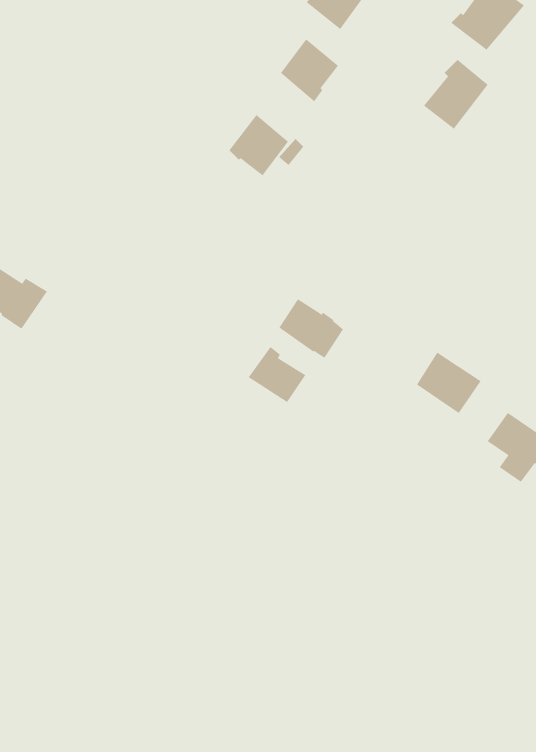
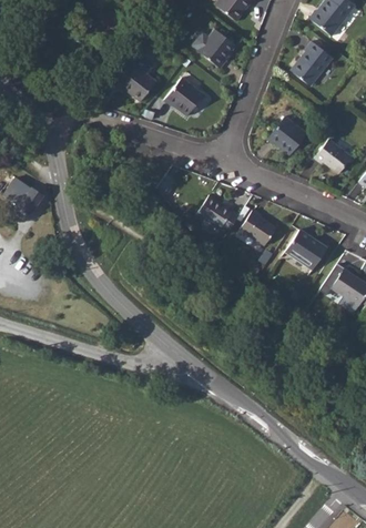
building: none -> [112,59,156,101]
building: none -> [267,116,307,155]
building: none -> [314,139,356,174]
building: [248,346,306,403] -> [240,210,277,246]

